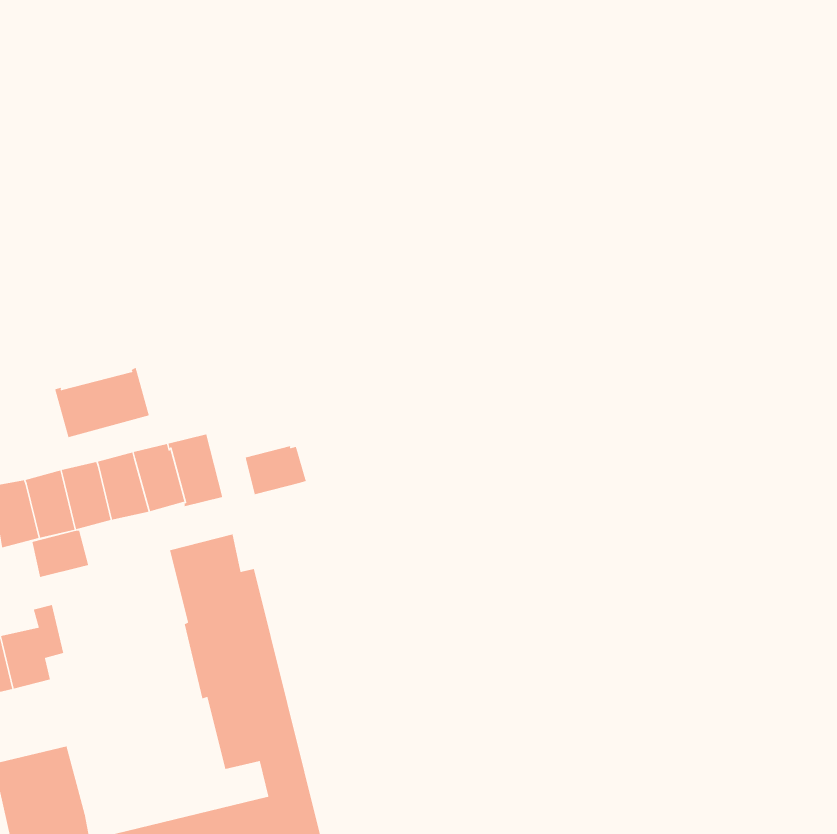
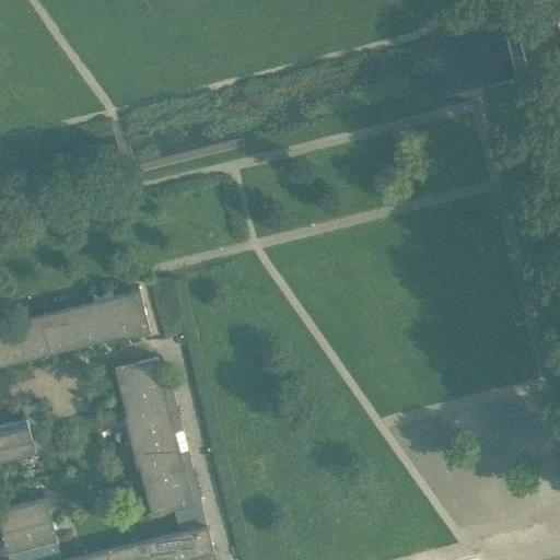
building: [54,367,150,438] -> none
building: [244,445,307,495] -> none
building: [31,530,89,578] -> none

